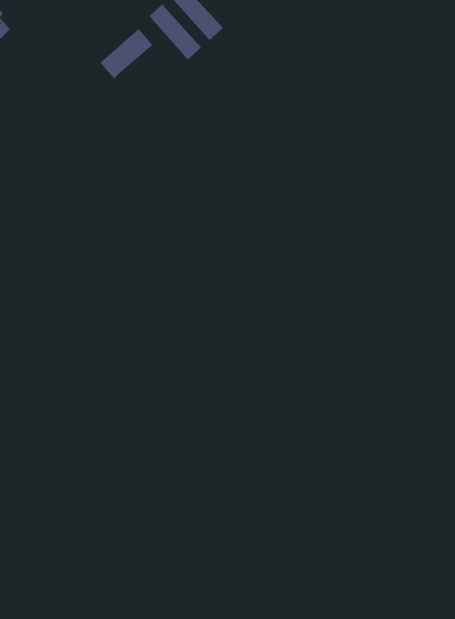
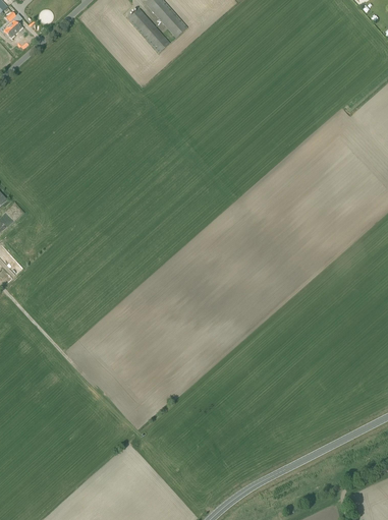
building: [100,28,153,79] -> none

